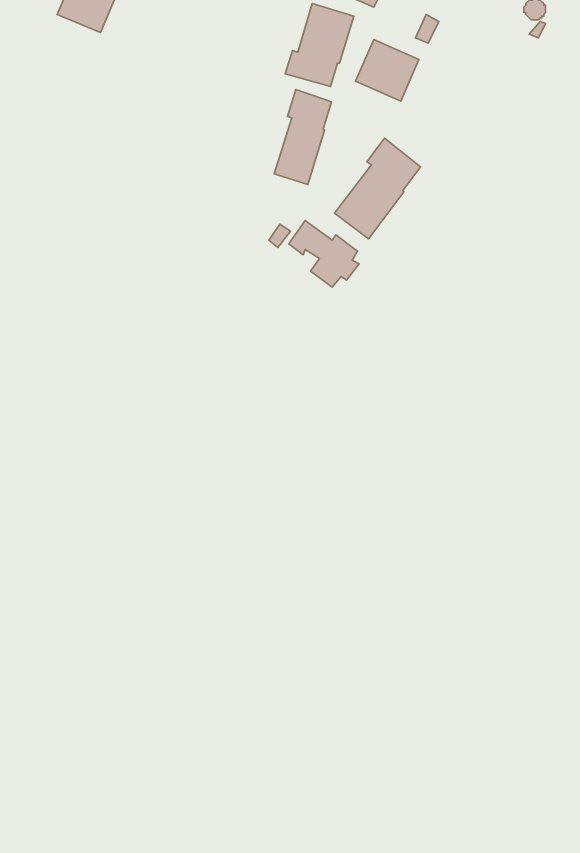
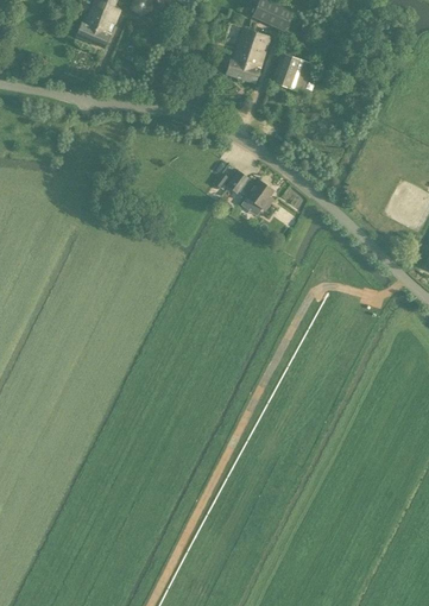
building: [274,89,332,184] -> none
building: [334,138,420,239] -> none

